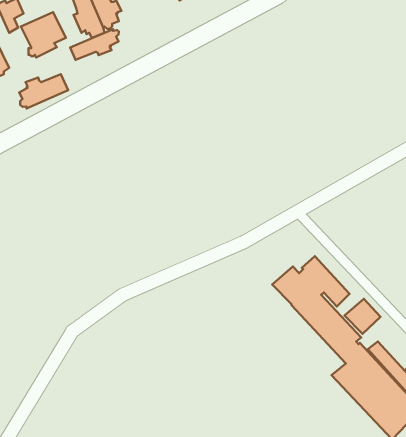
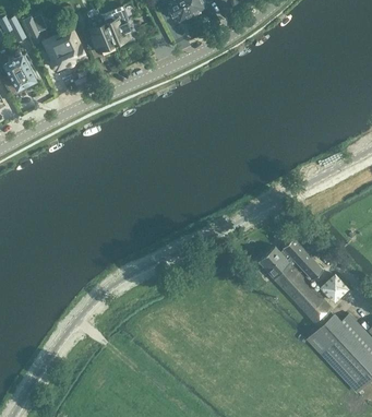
building: [70,29,119,60] -> none
building: [19,74,68,108] -> none

